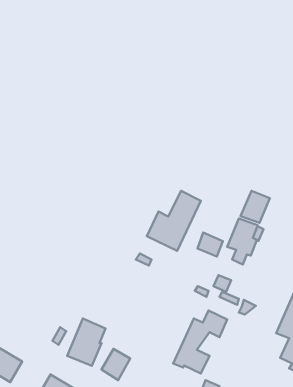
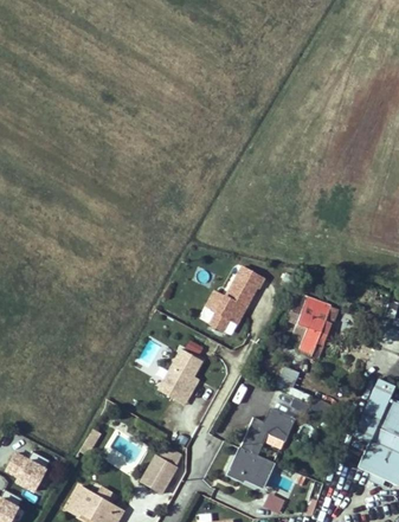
building: [240,191,270,223] -> none
building: [198,233,223,257] -> none
building: [67,319,106,366] -> [157,348,204,405]

